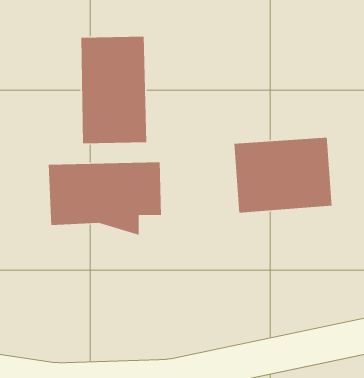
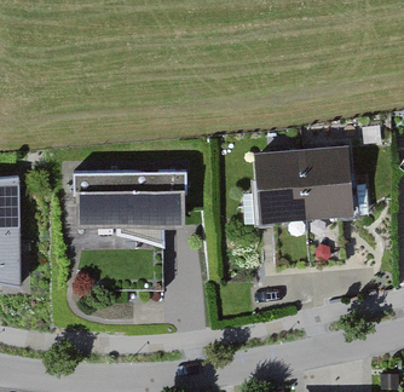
building: [80,36,147,144] -> none

